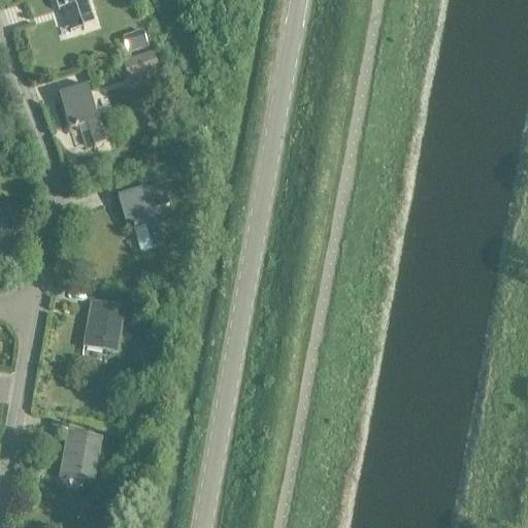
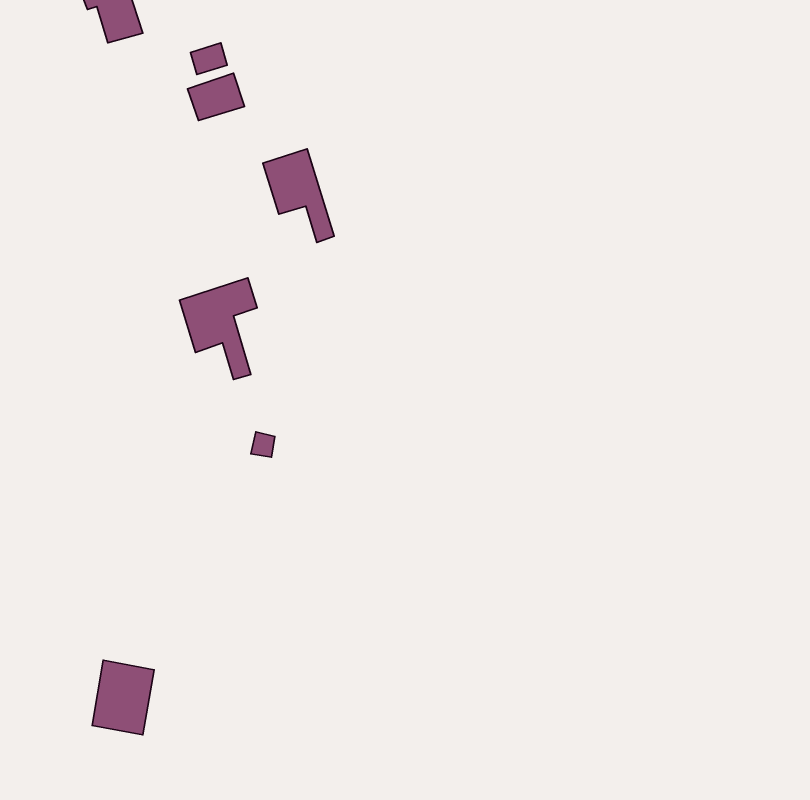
building: [59,84,105,144] -> [263,149,334,243]
building: [84,299,125,348] -> none

